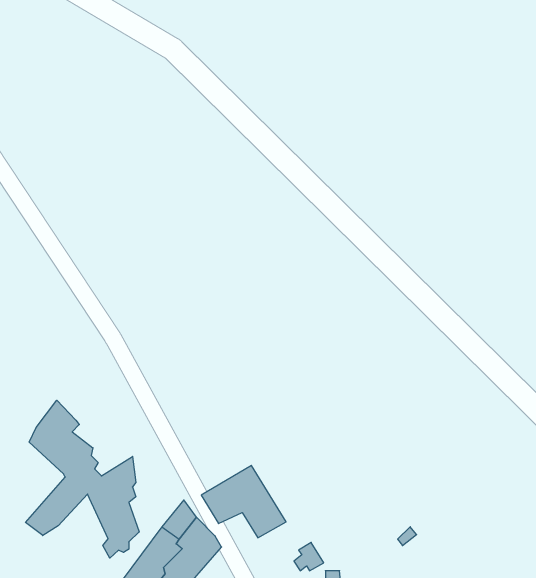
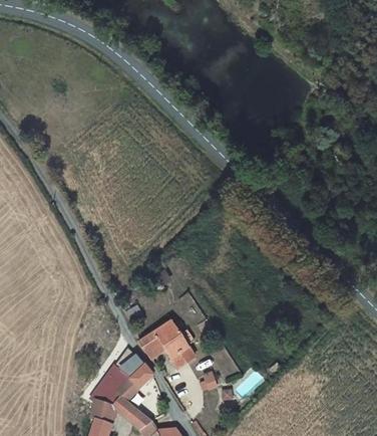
building: [26,400,139,558] -> none

